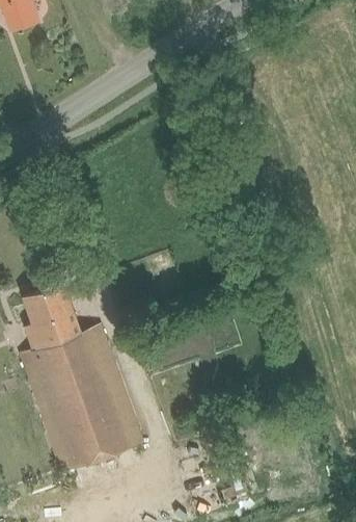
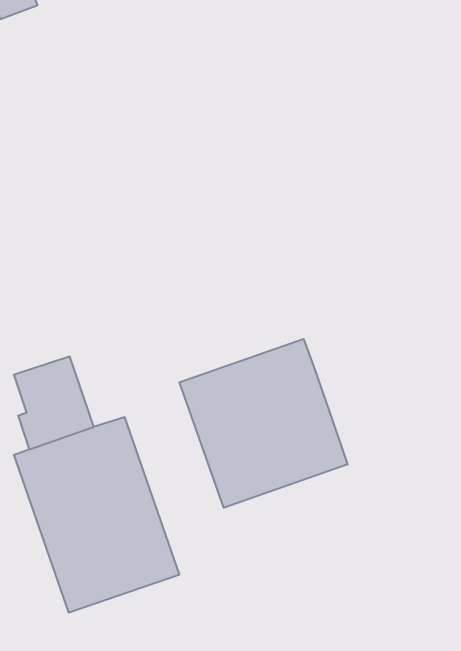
building: none -> [180,339,348,508]

